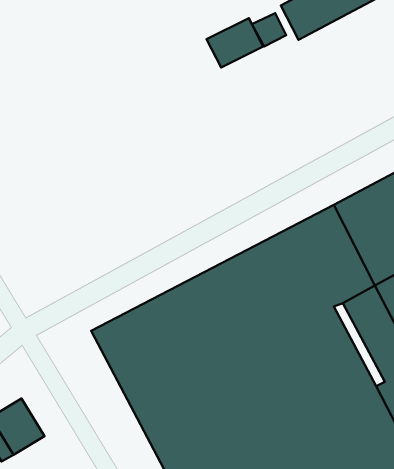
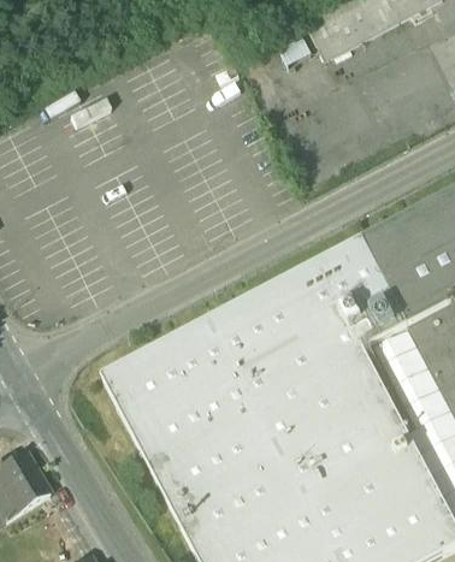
building: [207,18,263,67] -> none

